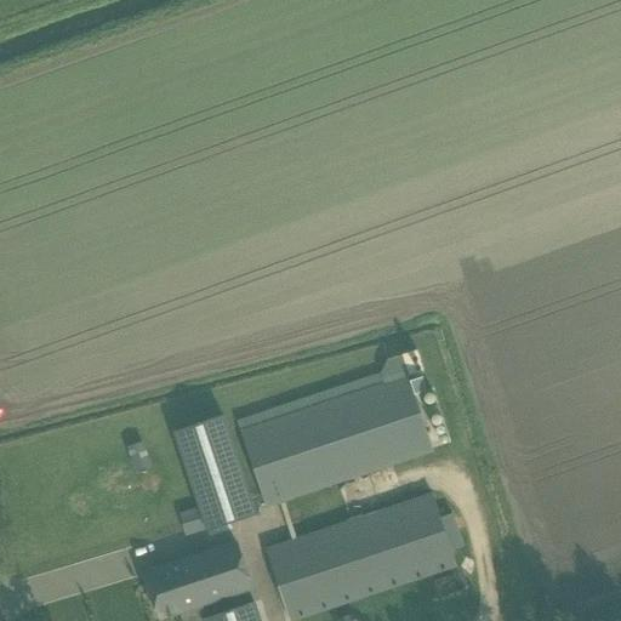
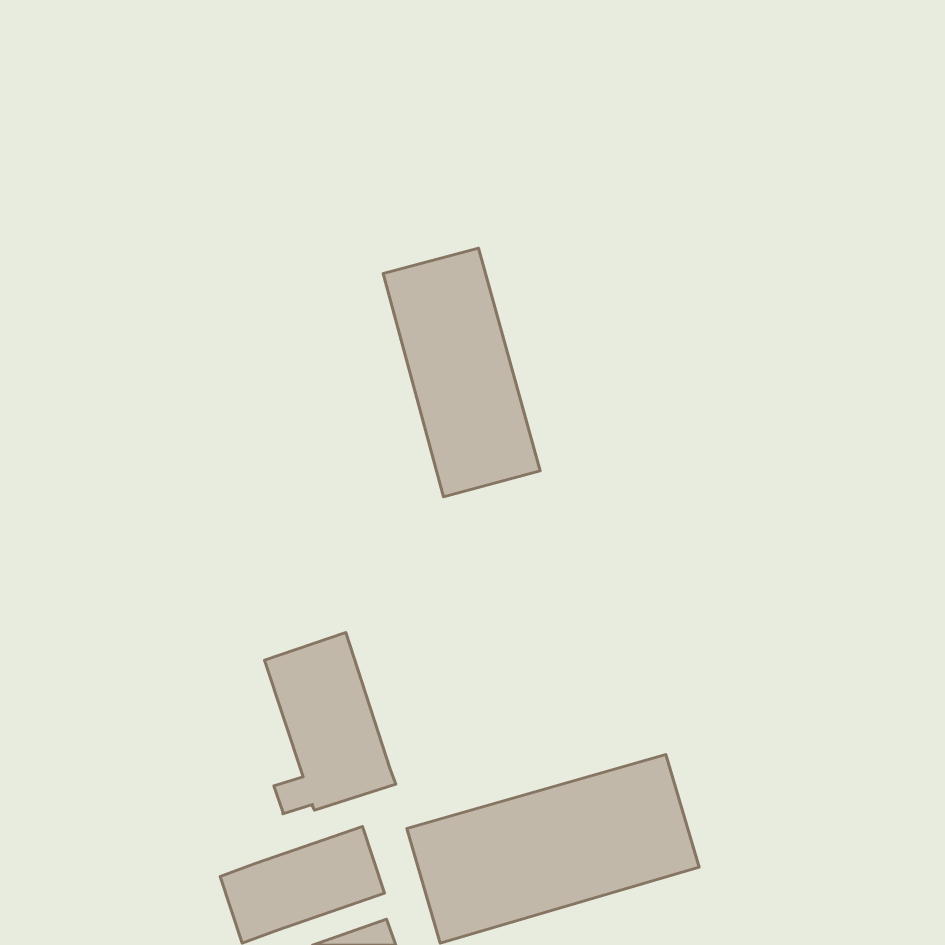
building: none -> [383,248,540,497]
building: [241,353,433,500] -> none

